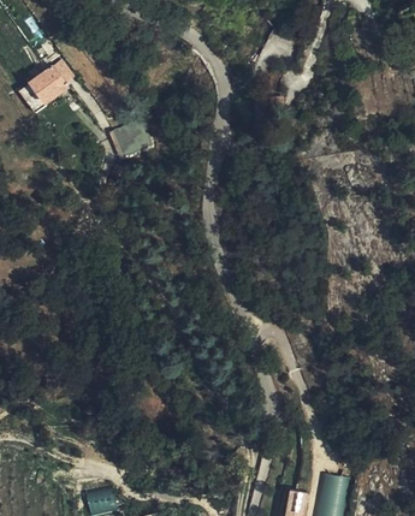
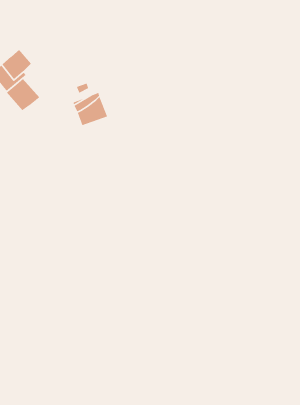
building: none -> [6,78,40,111]

